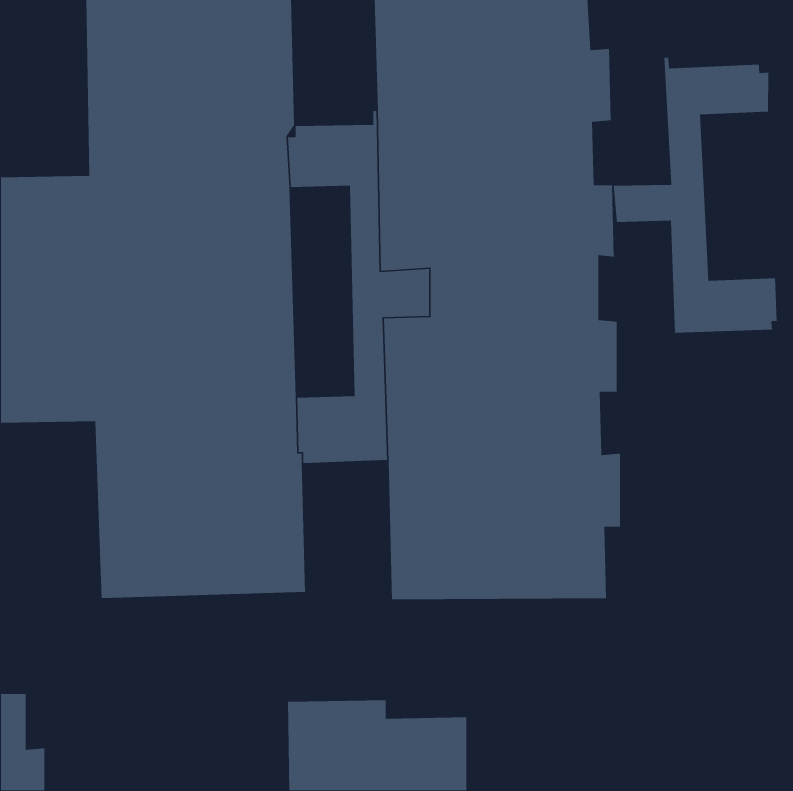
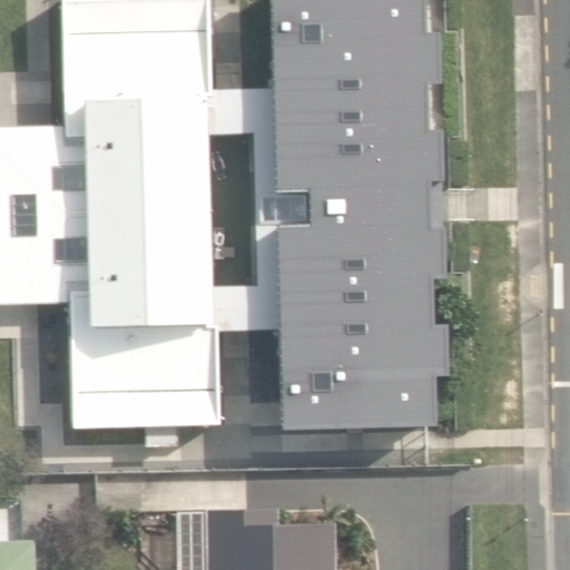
building: [613,57,778,334] -> none

